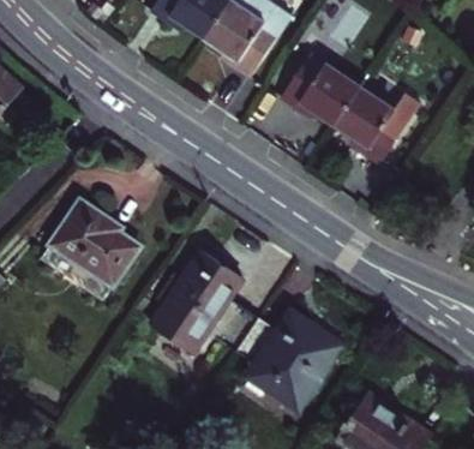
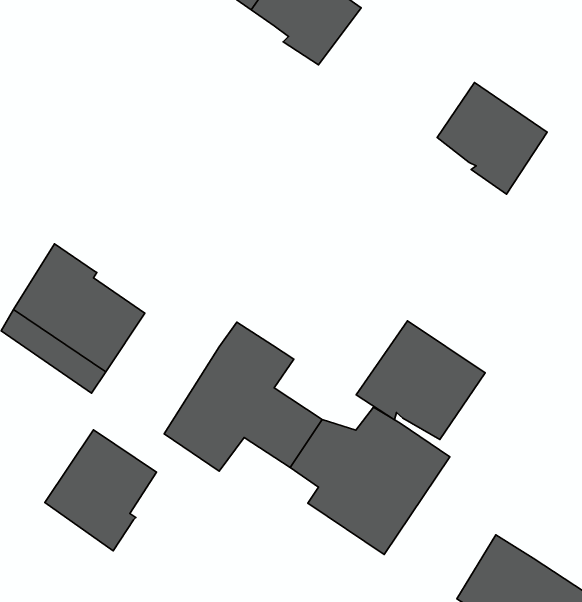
building: [283,55,360,125] -> none
building: none -> [356,321,485,440]
building: none -> [45,430,157,551]

